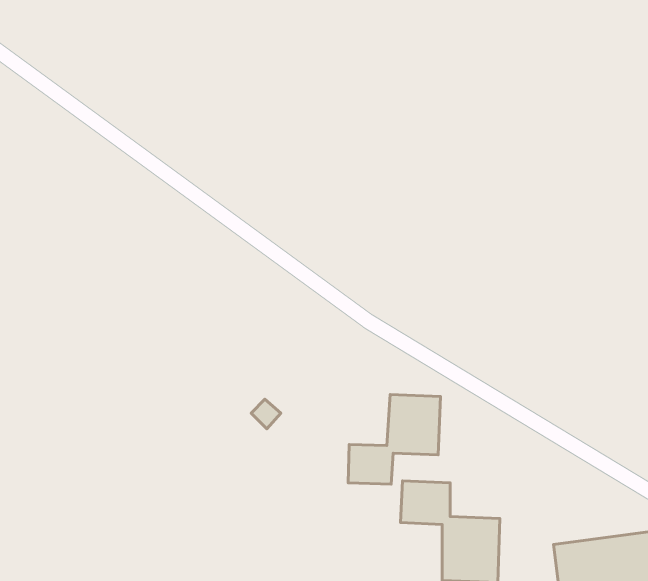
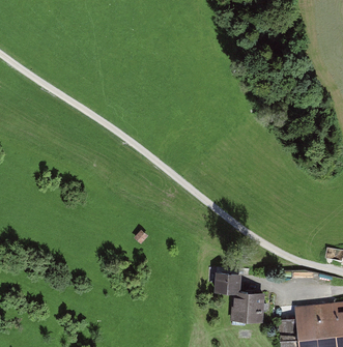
building: [348,395,441,484] -> none

